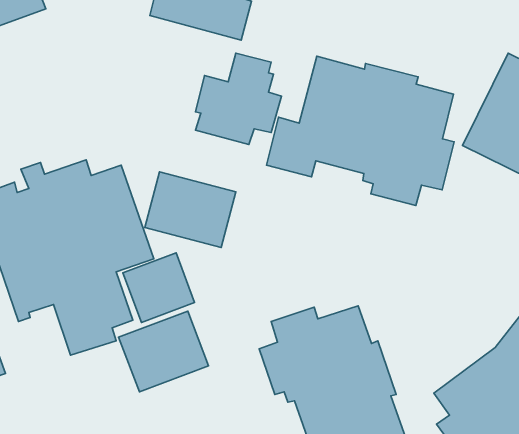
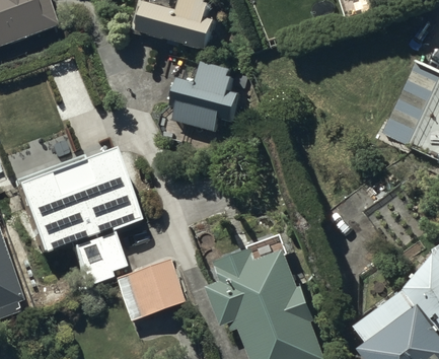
building: [266,56,454,205] -> none
building: [145,172,236,247] -> none
building: [123,253,195,323] -> none

